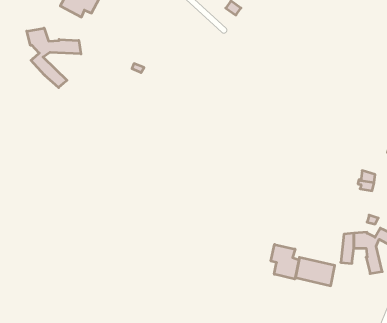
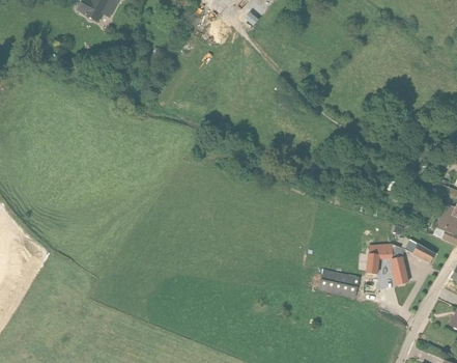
building: [27,28,81,88] -> none
building: [271,244,299,279] -> none

